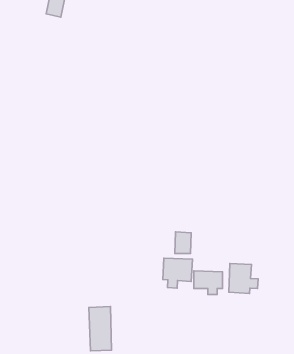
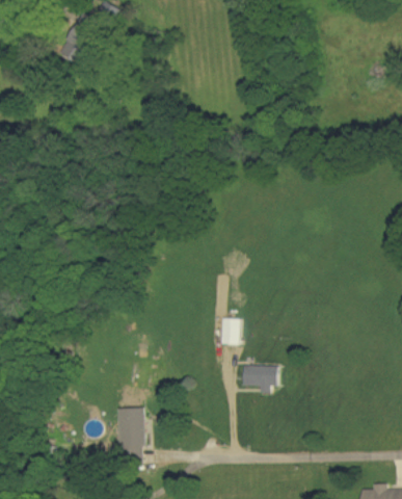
building: [163,258,192,288] -> none
building: [229,263,258,293] -> none

